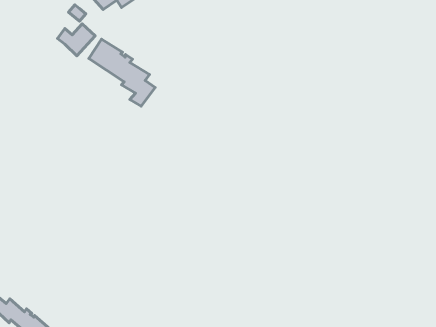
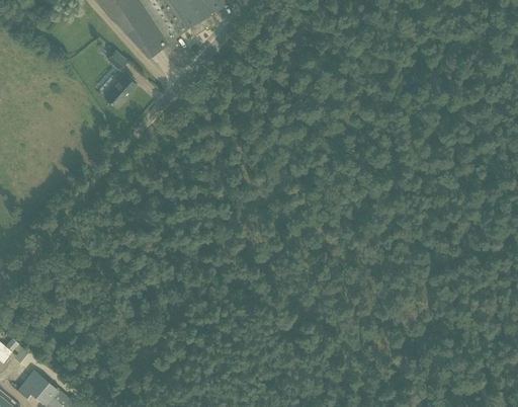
building: [89,39,155,106] -> none

